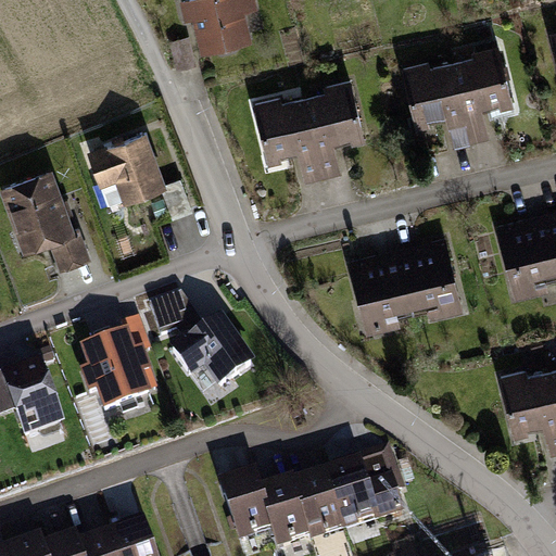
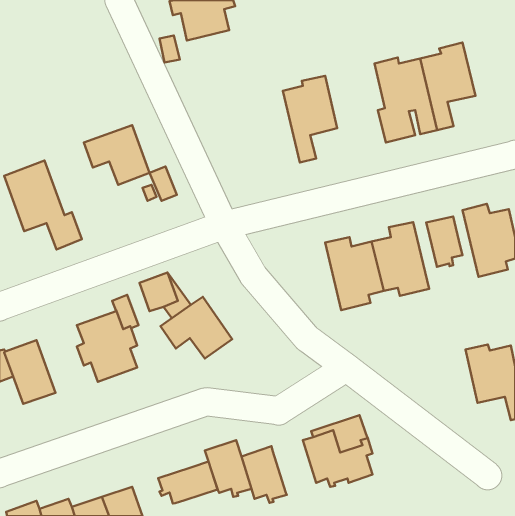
building: [255,98,323,179] -> none
building: none -> [426,217,463,267]
building: [293,473,342,534] -> none
building: none -> [158,462,218,504]

